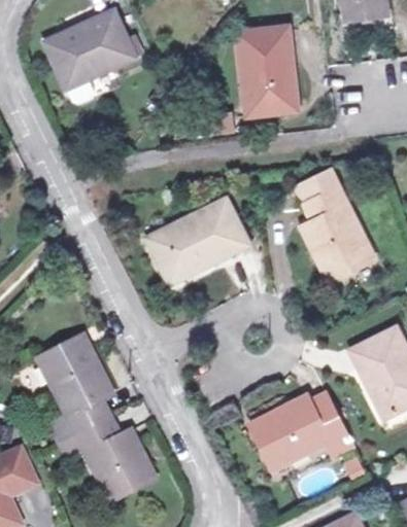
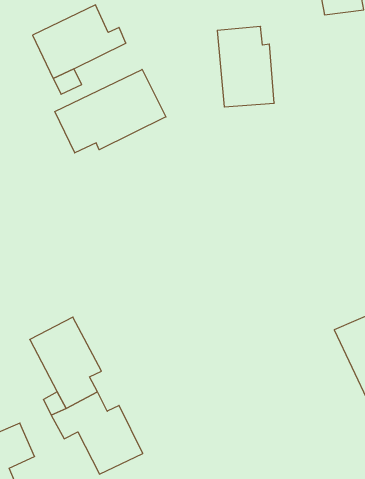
building: none -> [55,69,166,153]
building: [304,167,378,275] -> none
building: [151,192,255,272] -> none
building: [255,392,351,464] -> none

